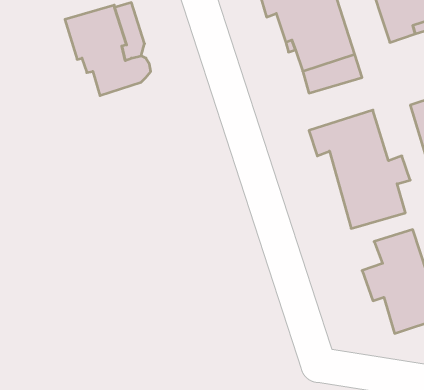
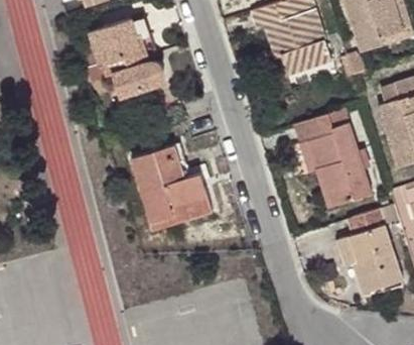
building: none -> [132,146,209,231]

